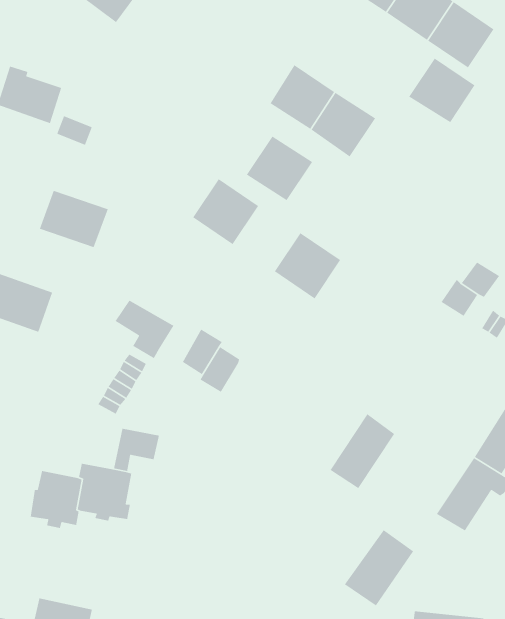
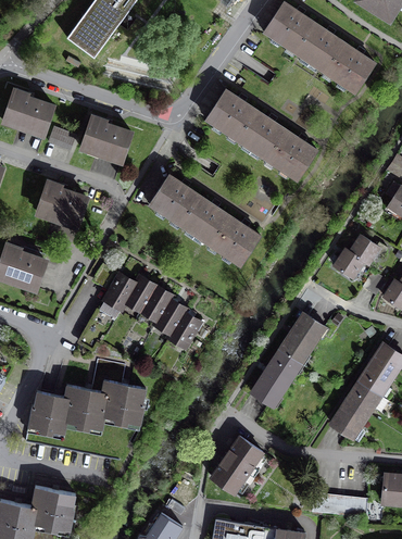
building: [408,57,475,123] -> [267,130,317,179]
building: none -> [81,118,131,162]
building: [246,135,313,201] -> [180,196,230,245]
building: none -> [126,278,156,312]
building: none -> [169,313,201,348]
building: none -> [280,314,326,365]
building: none -> [101,381,146,426]
building: [344,529,414,607] -> [211,437,263,494]

